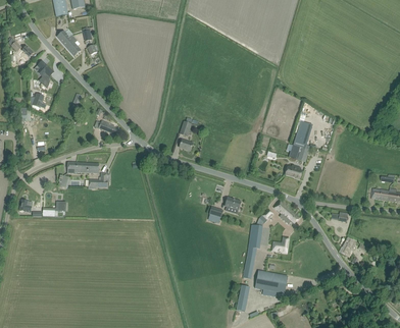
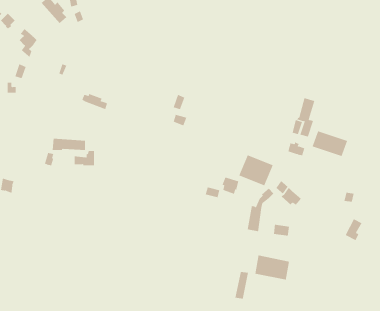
building: none -> [312,131,348,157]
building: none -> [238,154,273,186]

